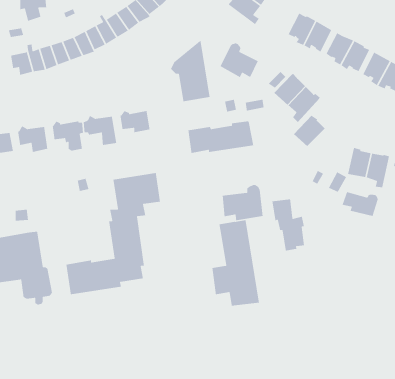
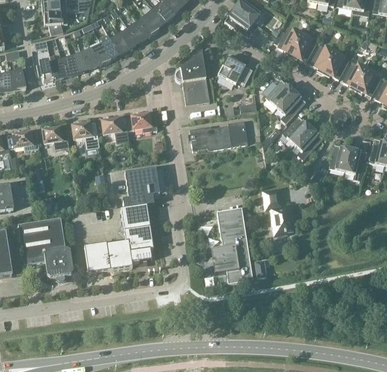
building: none -> [294,128,323,160]
building: [222,184,264,221] -> none
building: [342,191,379,217] -> none

